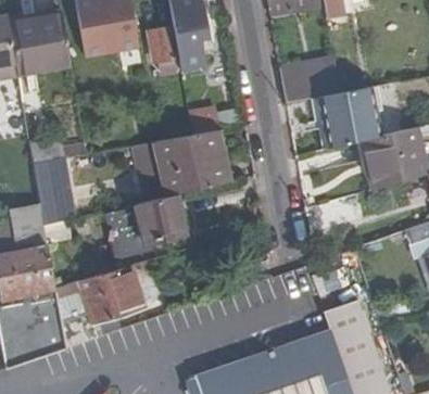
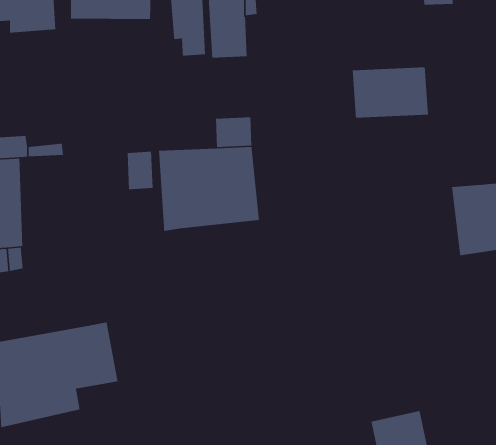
building: [319,88,381,149] -> none
building: [105,194,184,269] -> none

